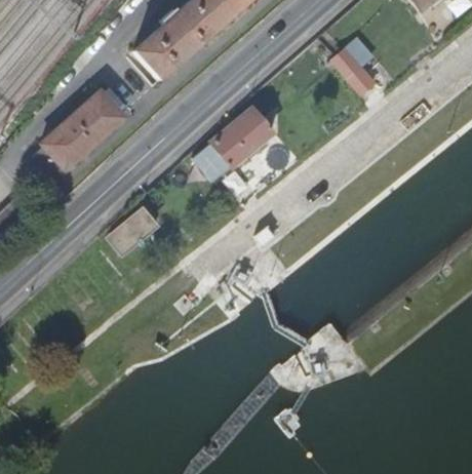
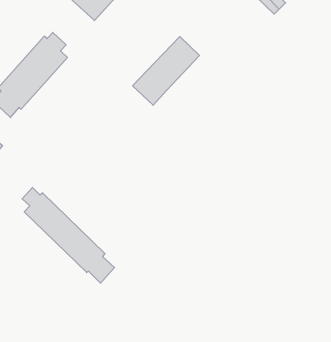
building: [110,209,159,255] -> none
building: none -> [22,188,115,283]

